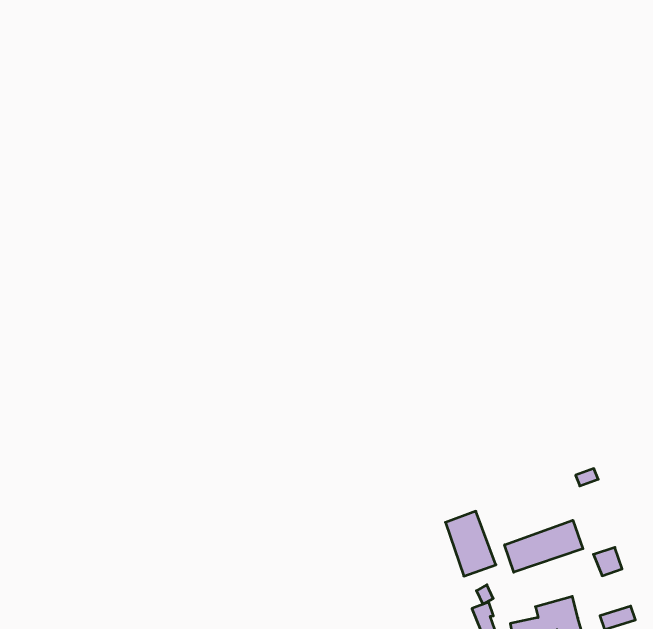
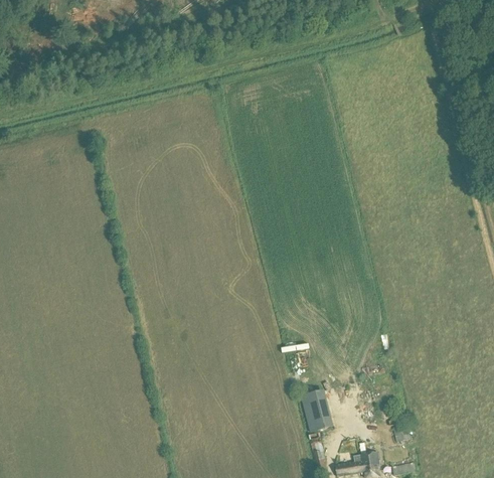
building: [505,520,583,572] -> none

